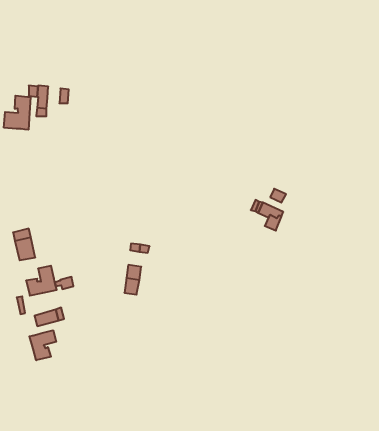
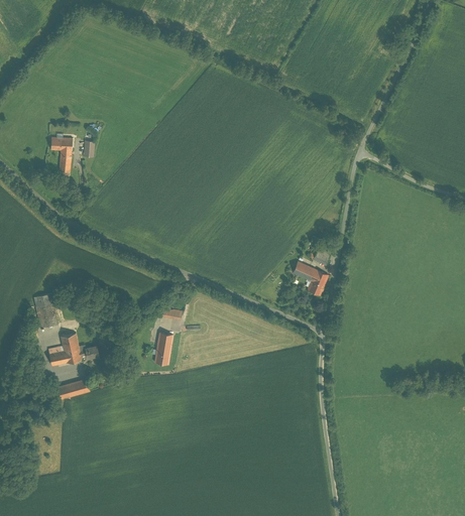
building: [4,96,31,130] -> none
building: [29,330,56,360] -> none

